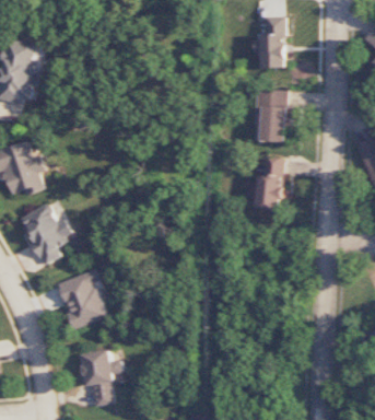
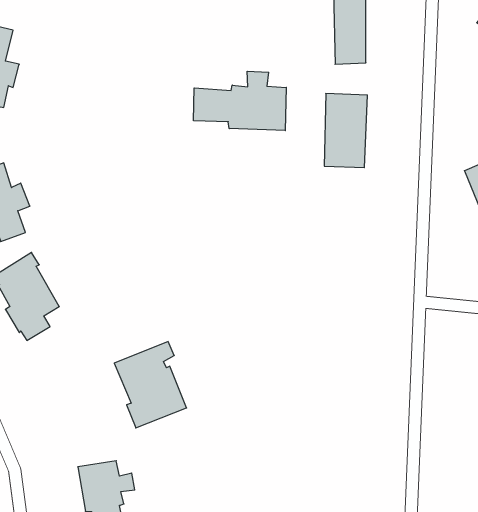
building: none -> [194,71,286,131]
building: [256,159,281,209] -> none
building: [56,269,107,330] -> [114,342,187,428]

